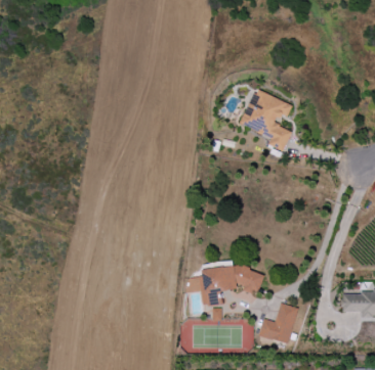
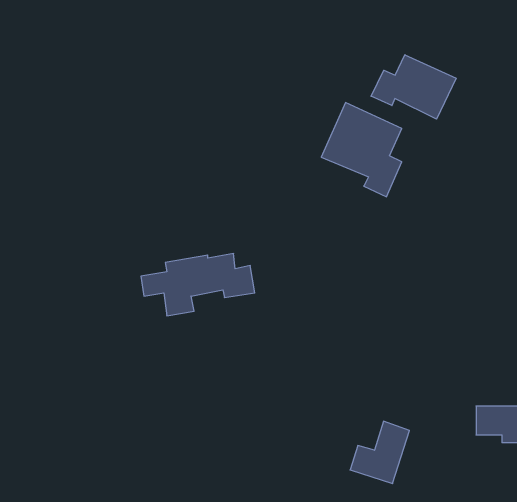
building: none -> [371,55,456,119]
building: [185,264,262,306] -> [141,254,255,316]

